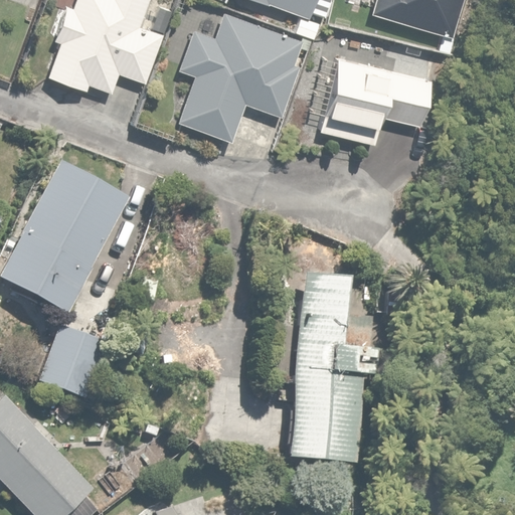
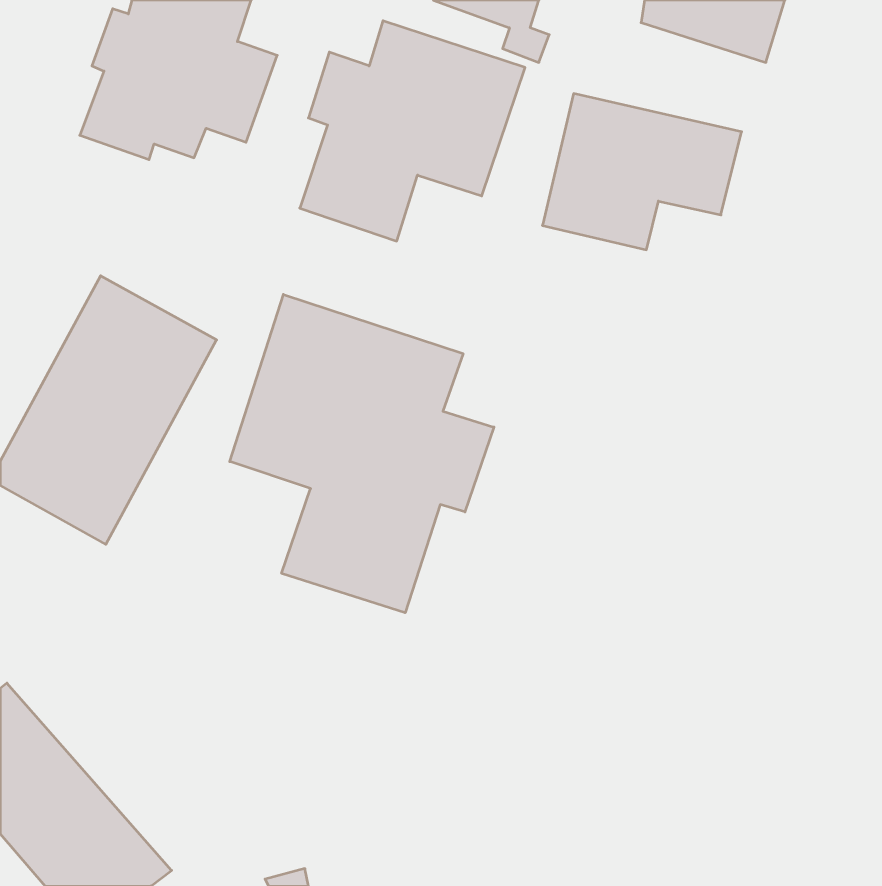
building: none -> [230,294,494,613]
building: [288,272,374,466] -> none
building: [39,327,101,396] -> none

